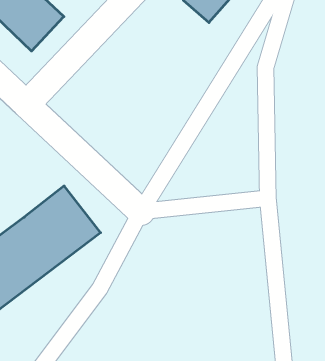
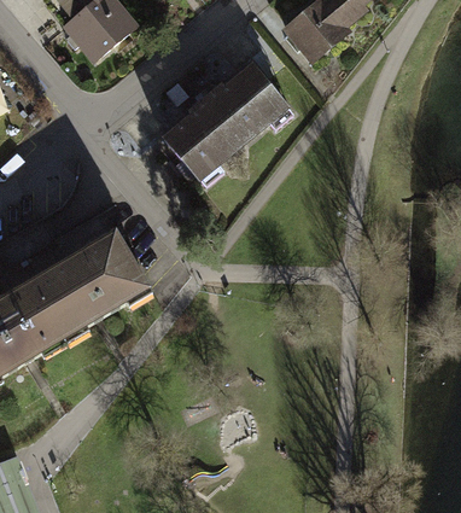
building: none -> [158,60,286,179]

